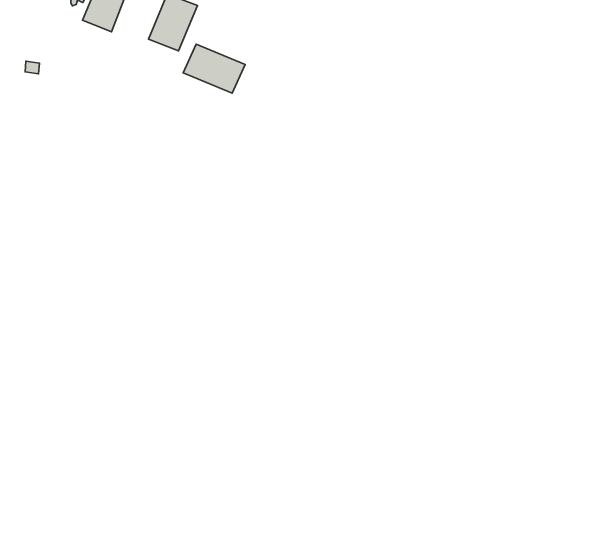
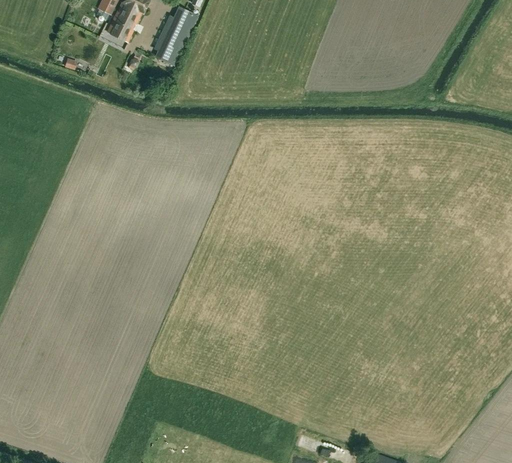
building: [183,44,245,93] -> none

